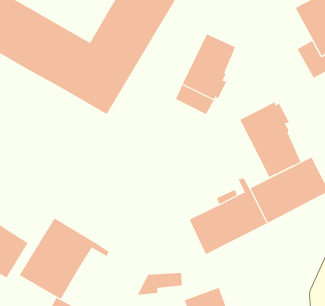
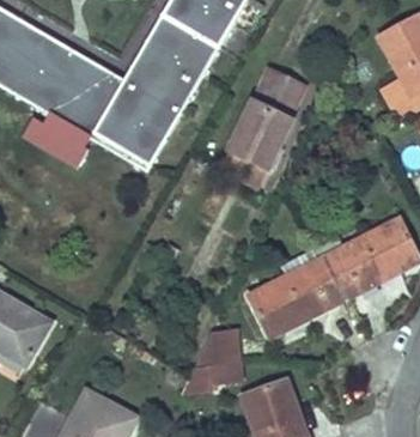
building: none -> [23,110,92,165]
building: [239,101,301,178] -> none
building: [19,218,109,300] -> none
building: none -> [197,326,239,362]

